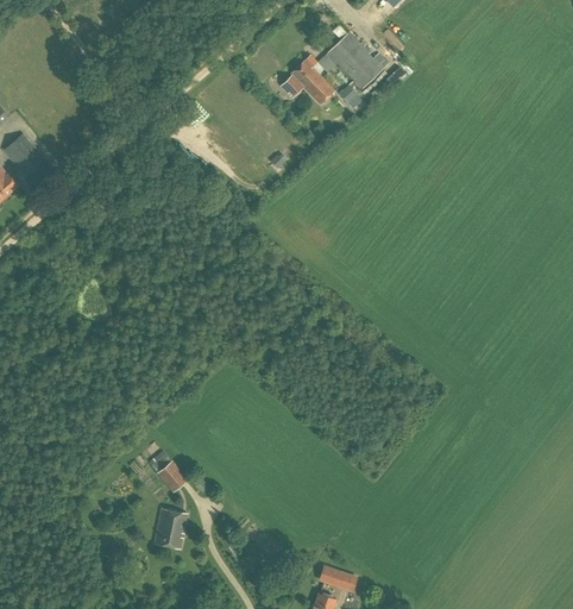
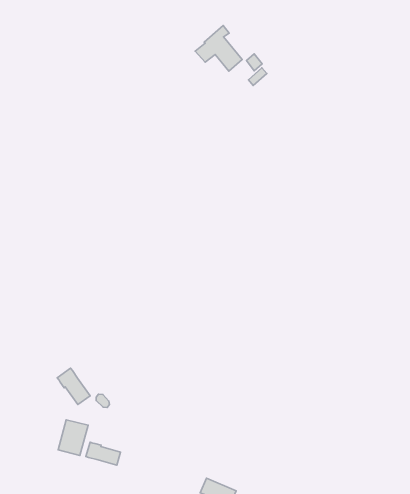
building: [327,32,383,92] -> none
building: none -> [86,442,121,465]

